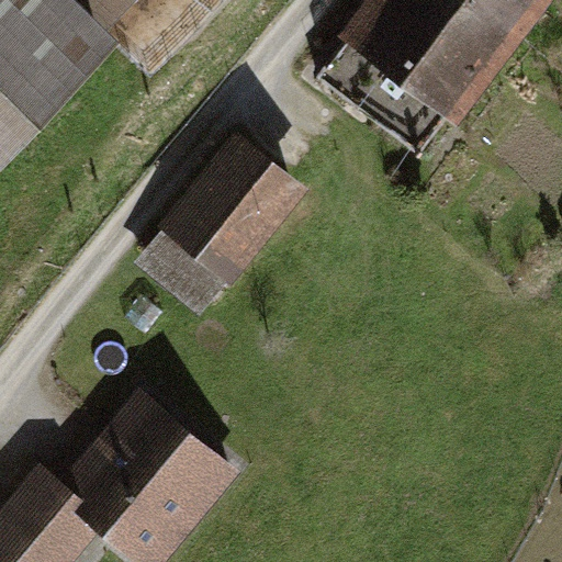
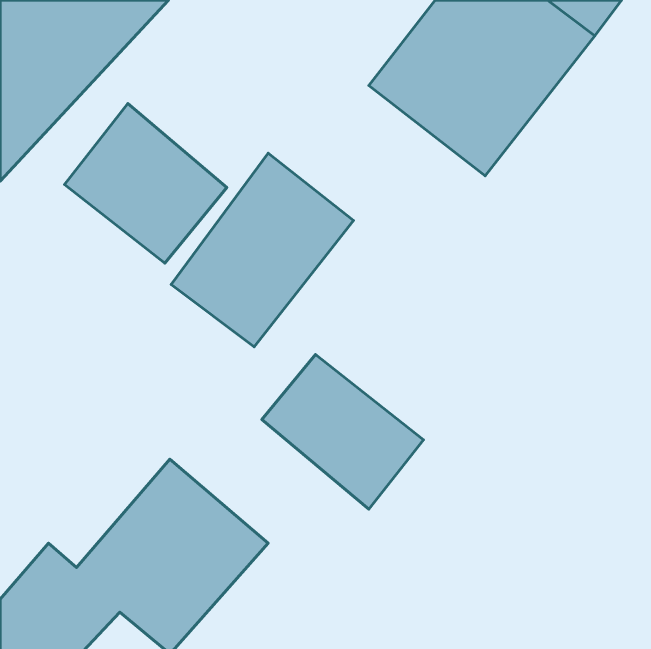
building: none -> [64,103,227,263]
building: none -> [262,355,424,509]

